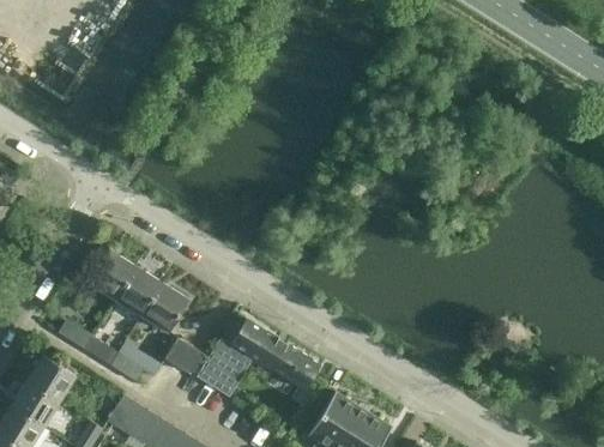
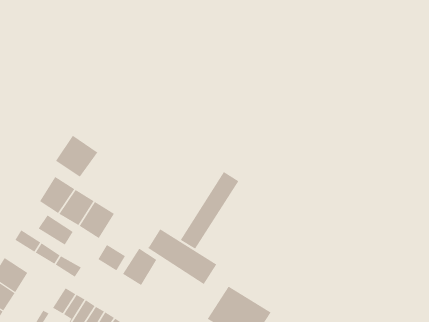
building: none -> [55,135,98,178]
building: none -> [180,171,239,249]
building: none -> [38,214,74,246]

